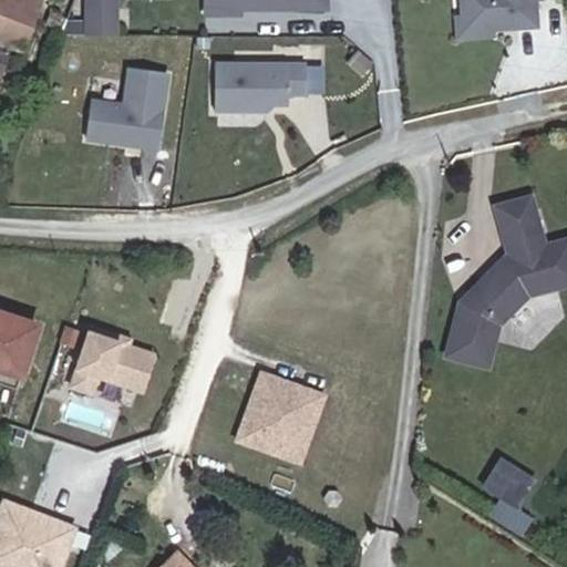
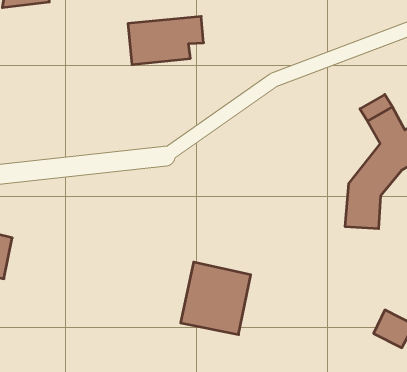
building: [84,71,166,151] -> none
building: [63,327,156,399] -> none

